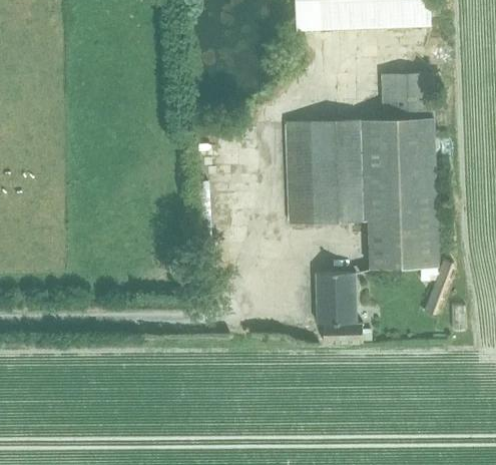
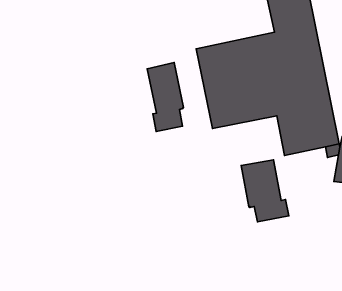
building: none -> [147,63,183,132]

